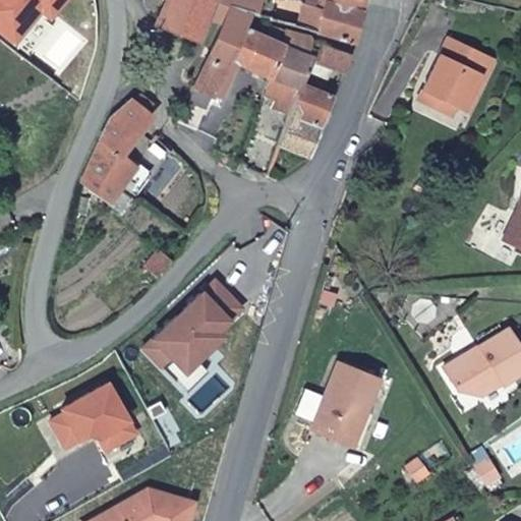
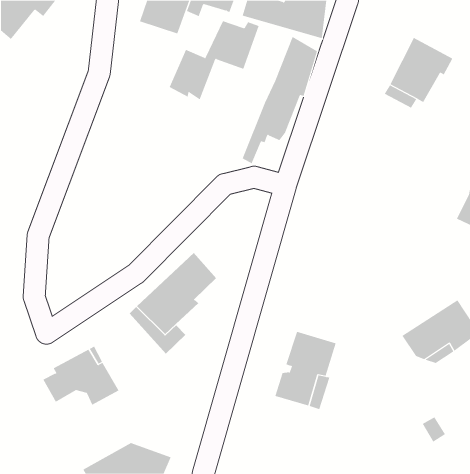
building: [208,5,252,63] -> none
building: [265,28,325,113] -> none
building: [86,96,152,197] -> none

